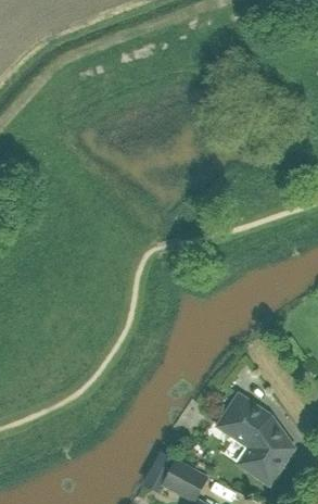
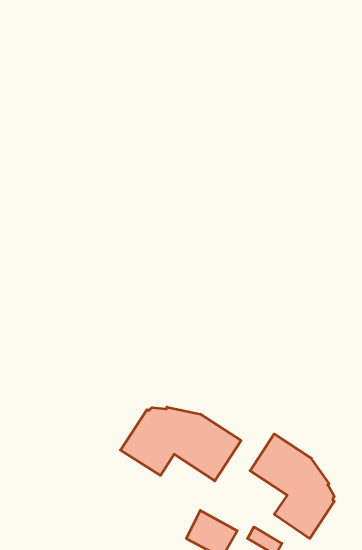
building: none -> [120,407,241,481]

